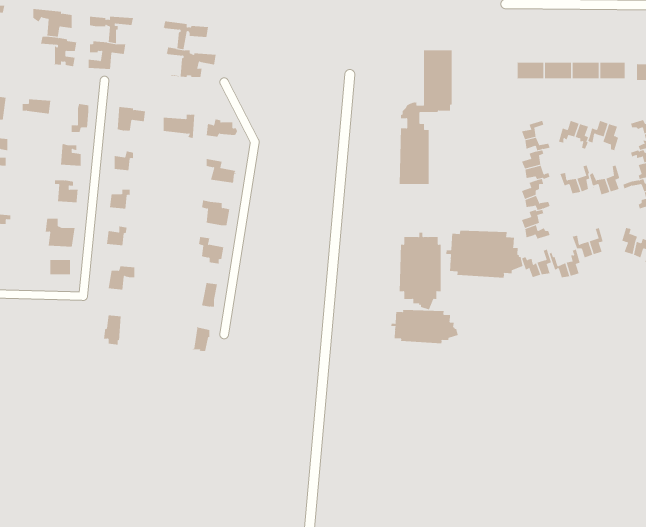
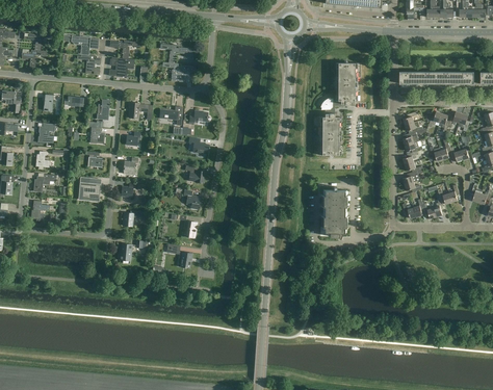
building: [446,230,523,279] -> none
building: [391,309,459,344] -> none

